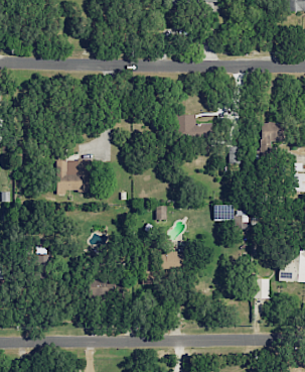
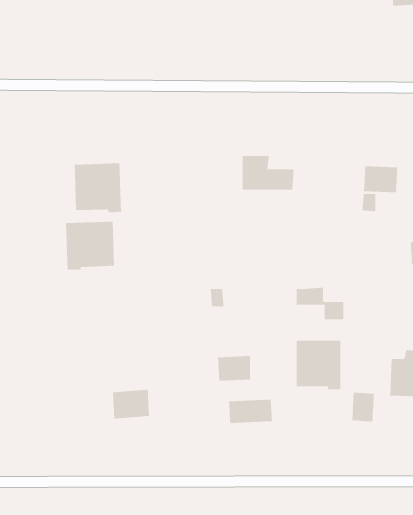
building: none -> [74,163,122,213]
building: none -> [296,340,341,390]
building: none -> [228,399,273,424]

